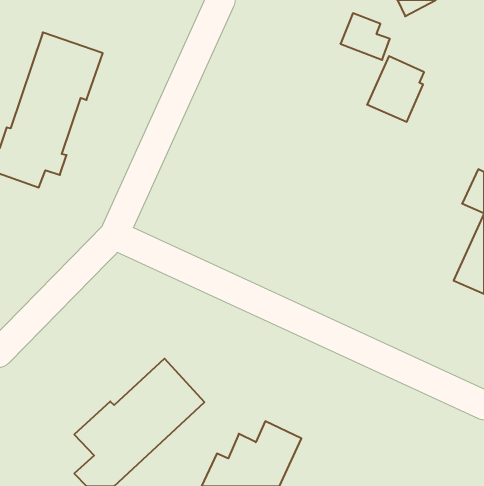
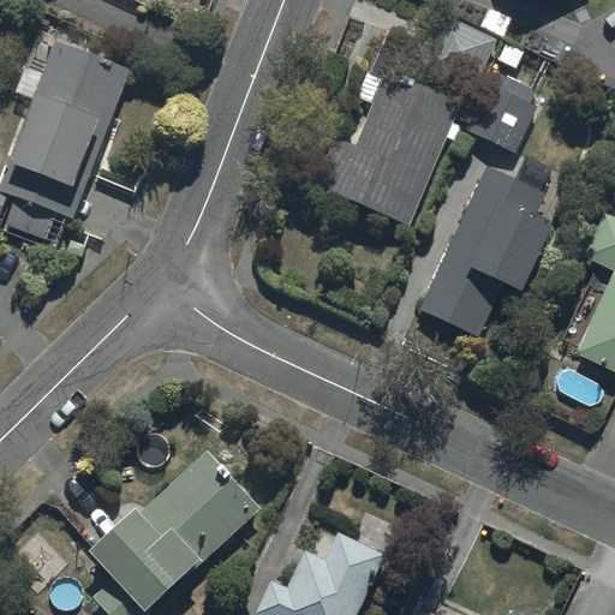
building: none -> [315,49,461,225]
building: none -> [419,166,553,336]

